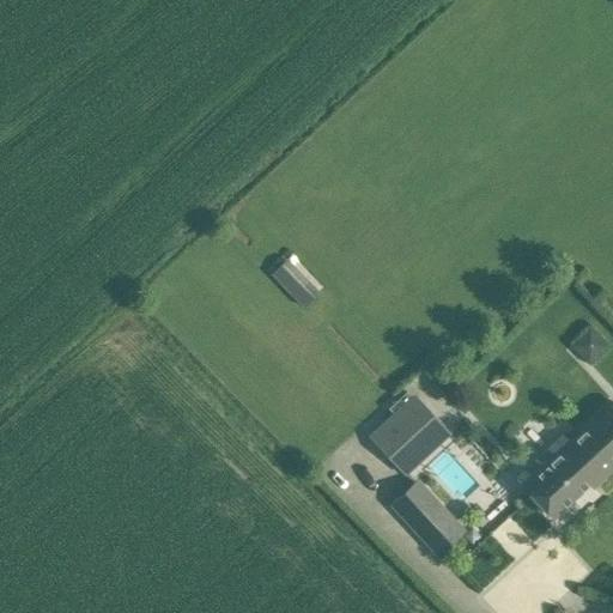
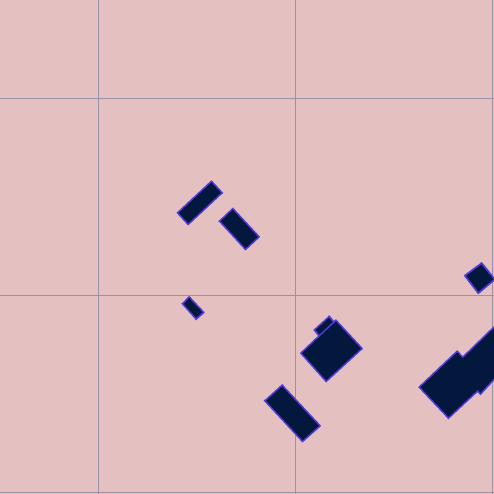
building: none -> [178,181,222,224]
building: [396,485,465,554] -> [265,385,320,441]

